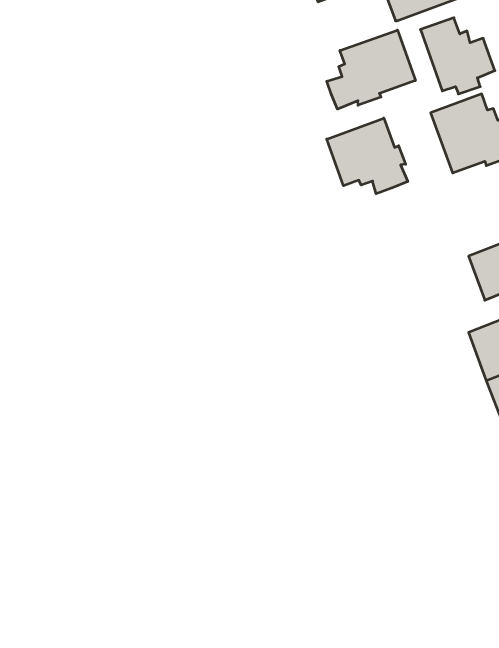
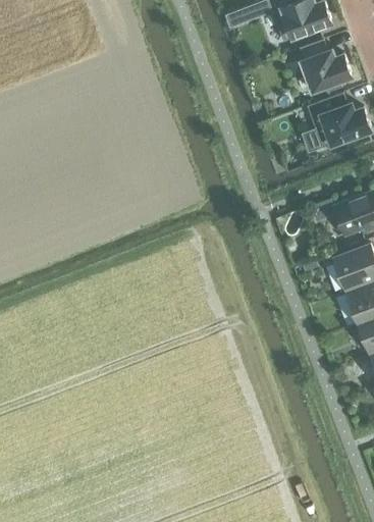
building: [327,30,415,109] -> none
building: [327,118,408,194] -> none

